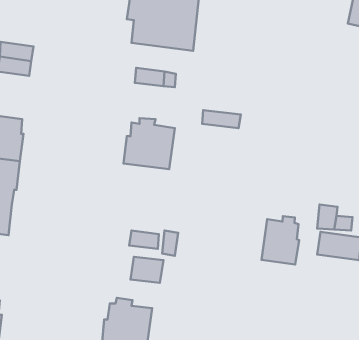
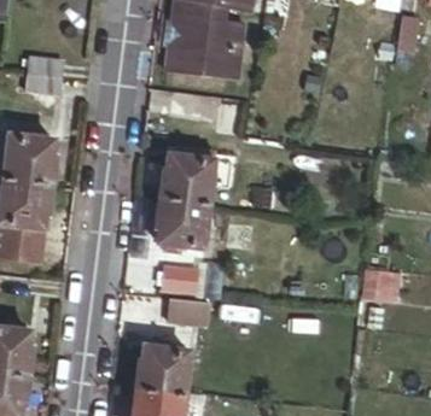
building: none -> [157,194,209,247]
building: [262,216,299,264] -> none

